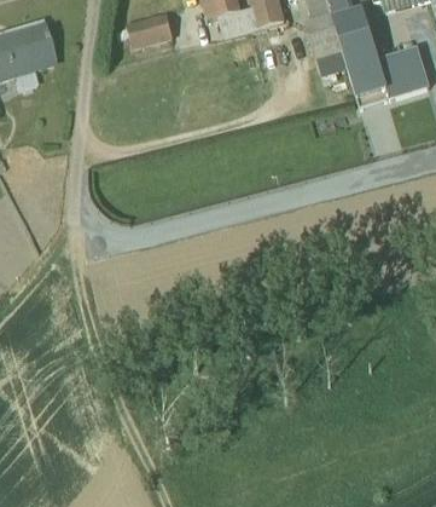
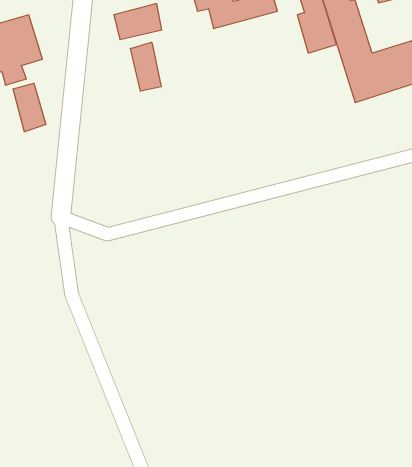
building: none -> [130,42,161,91]
building: none -> [13,83,46,132]

